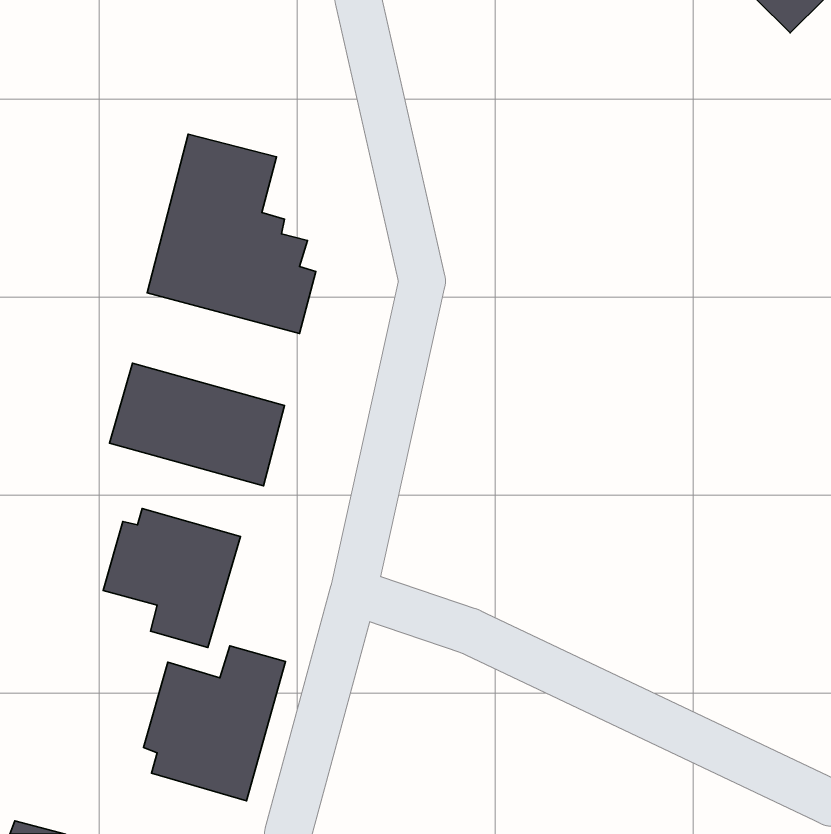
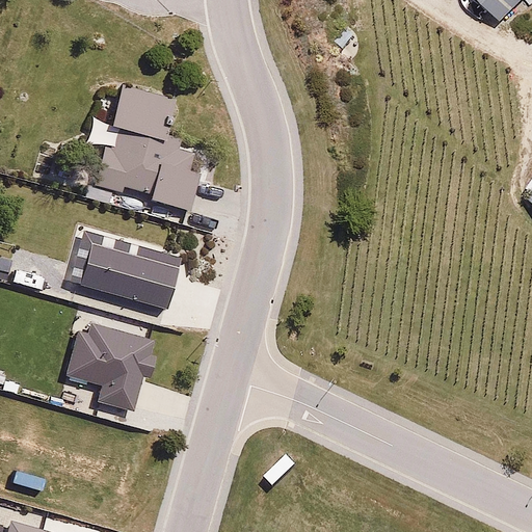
building: [143,646,285,801] -> none

